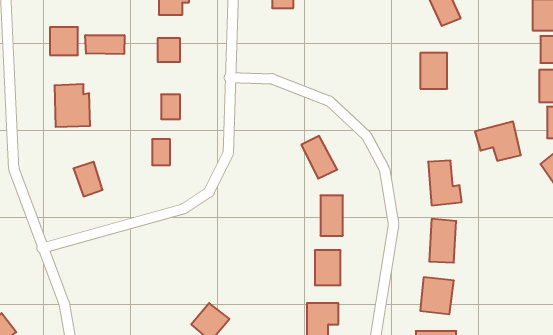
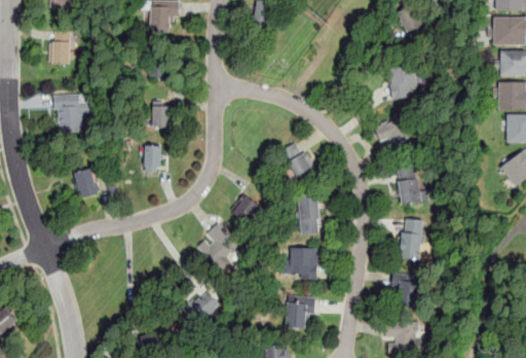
building: [85,35,124,54] -> none
building: [475,121,521,161] -> [373,115,415,151]
building: none -> [229,193,260,223]
building: none -> [196,223,236,263]

